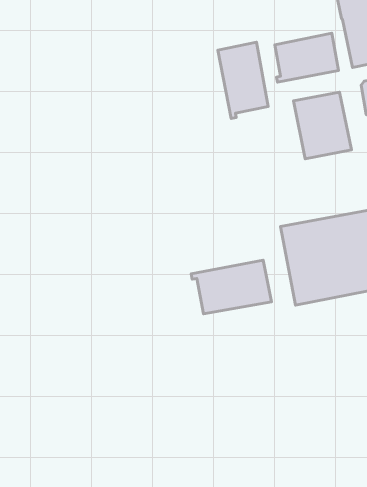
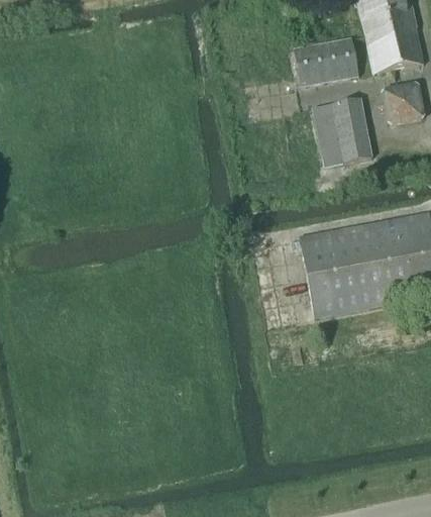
building: [218,42,268,119] -> none
building: [191,260,271,314] -> none

